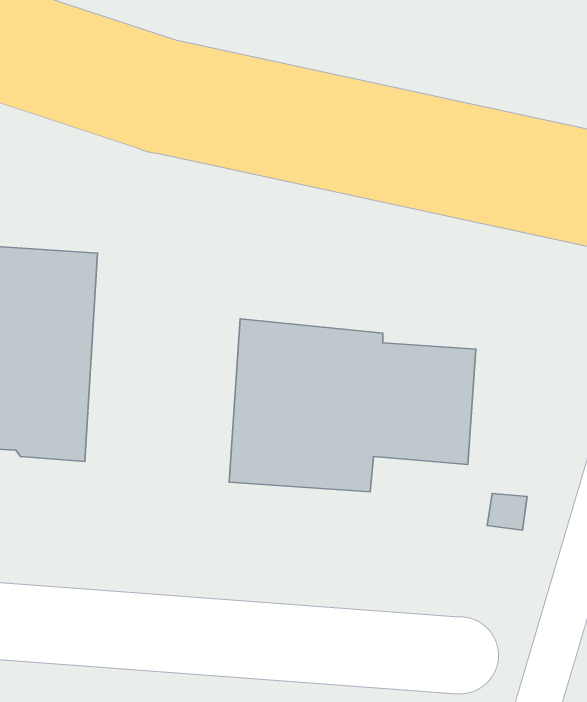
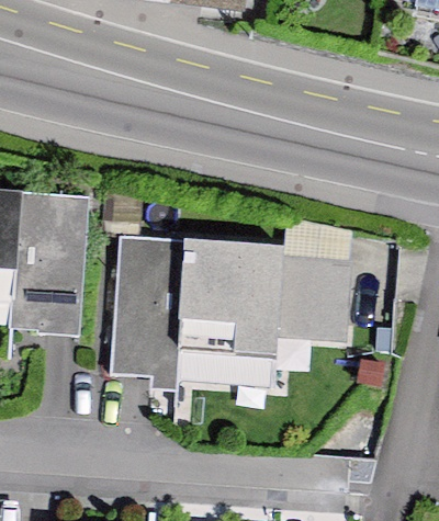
building: none -> [112,236,189,389]

